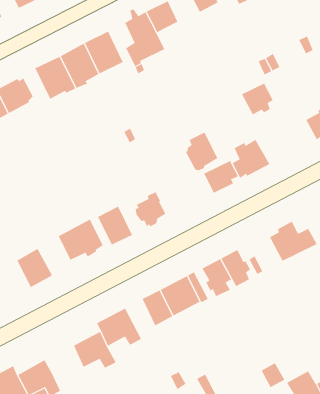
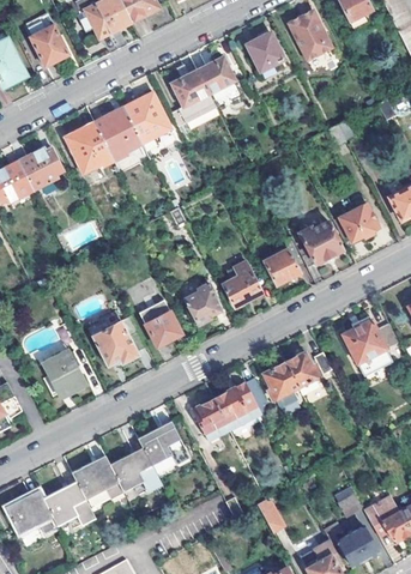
building: [241,83,274,115] -> [339,203,377,241]
building: [185,132,218,171] -> [220,259,260,306]
building: none -> [72,455,123,500]

